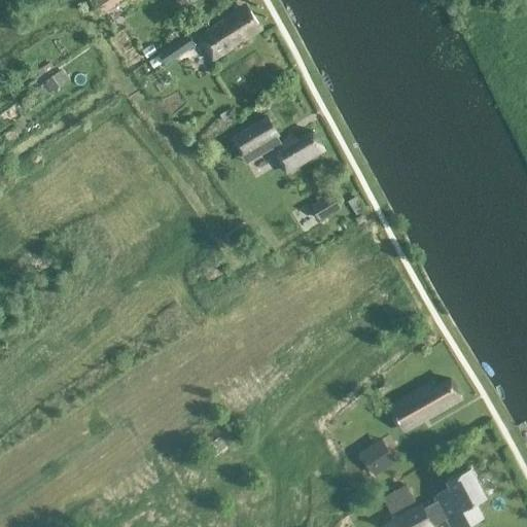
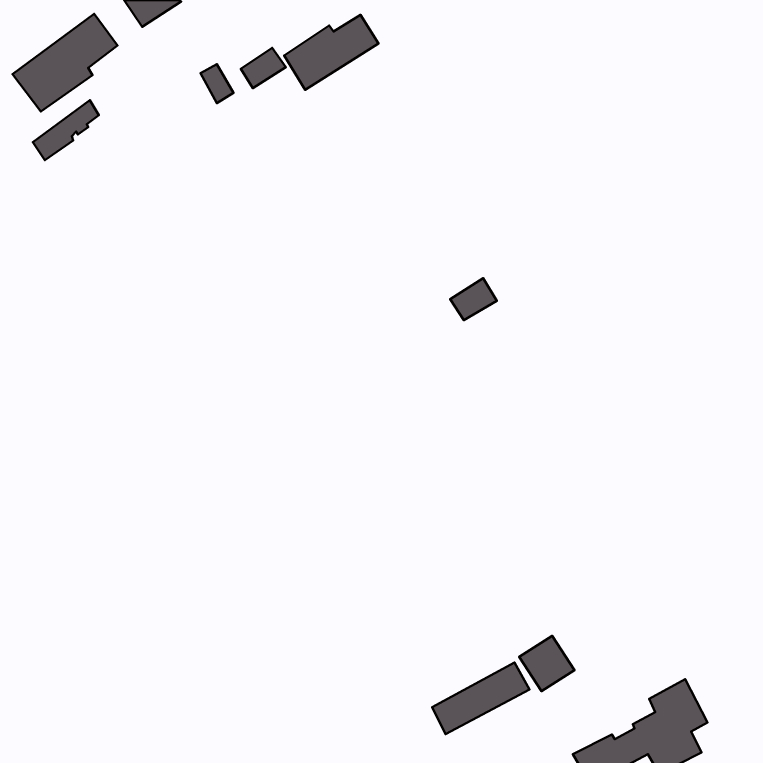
building: none -> [12,14,117,112]
building: [227,118,322,174] -> none
building: [394,381,461,430] -> [432,662,529,734]
building: [382,485,415,515] -> none

